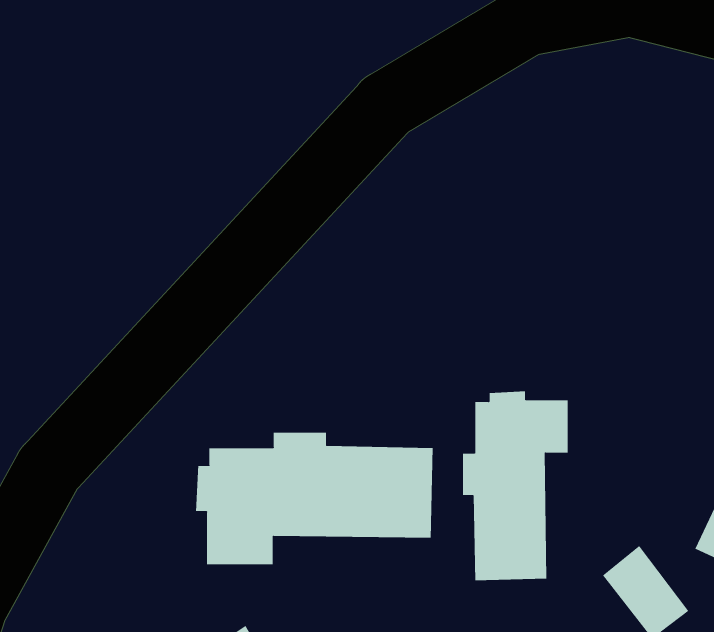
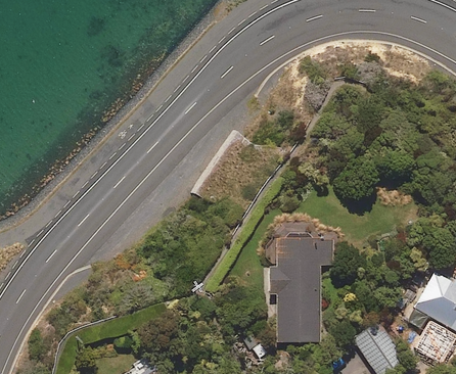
building: [196,432,433,565] -> none

